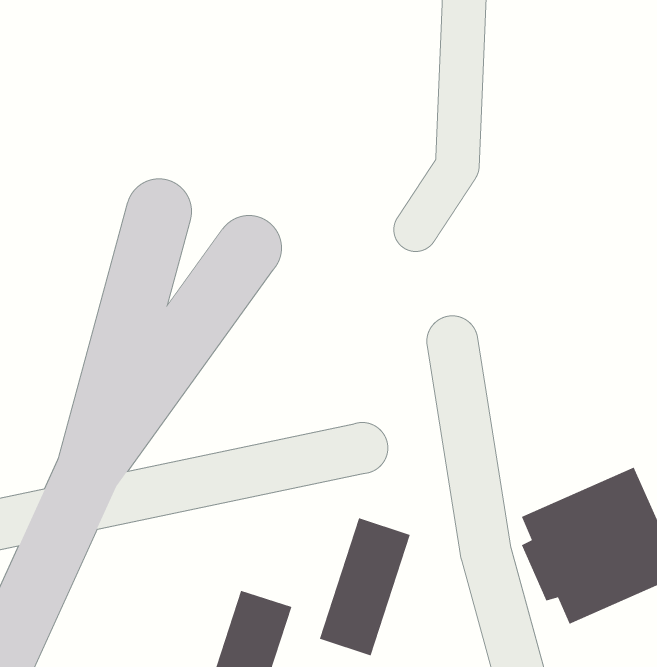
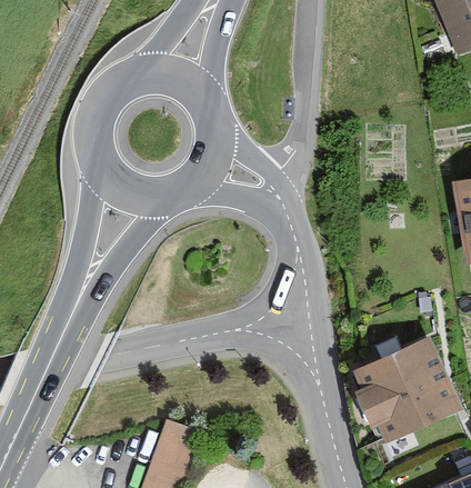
building: [319,517,411,656] -> none

